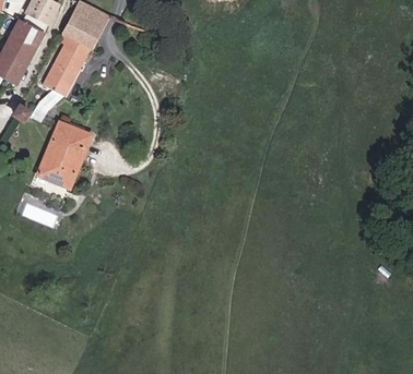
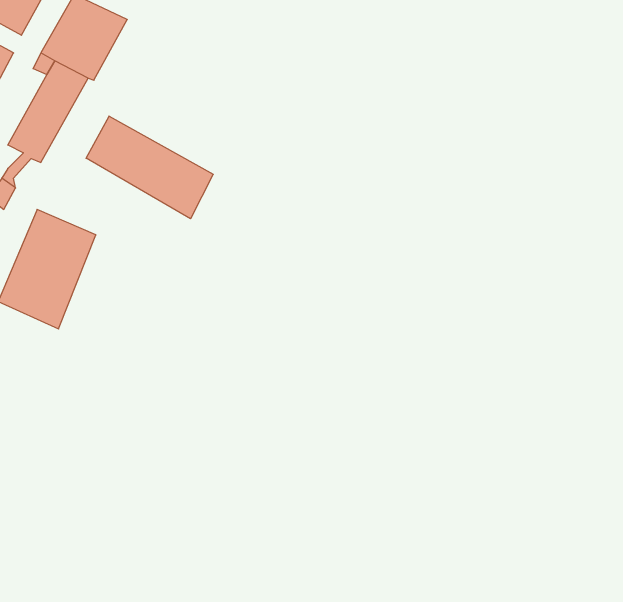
building: none -> [86,116,213,219]

